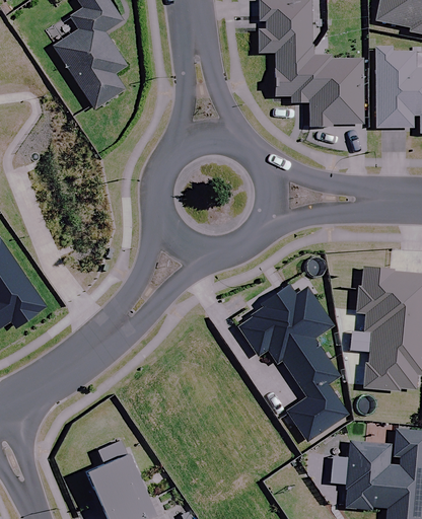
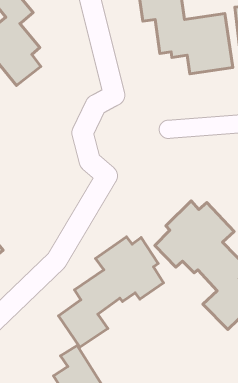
building: none -> [59,237,164,347]

